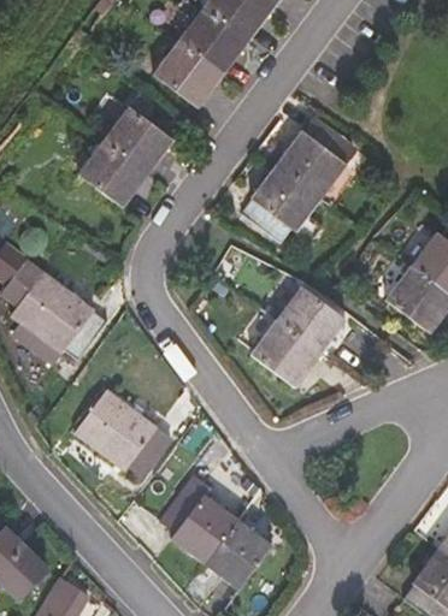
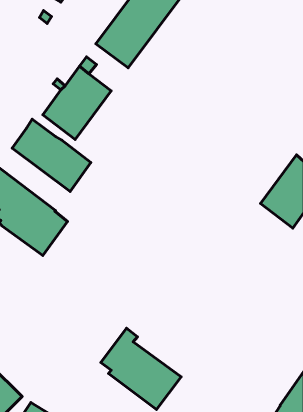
building: [242,117,353,243] -> none
building: none -> [12,119,91,192]
building: [250,285,347,389] -> none
building: [72,389,173,480] -> none

